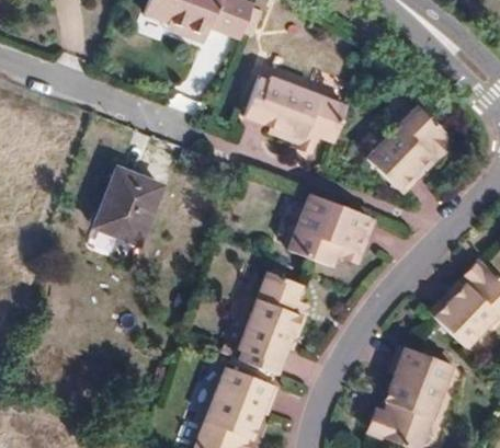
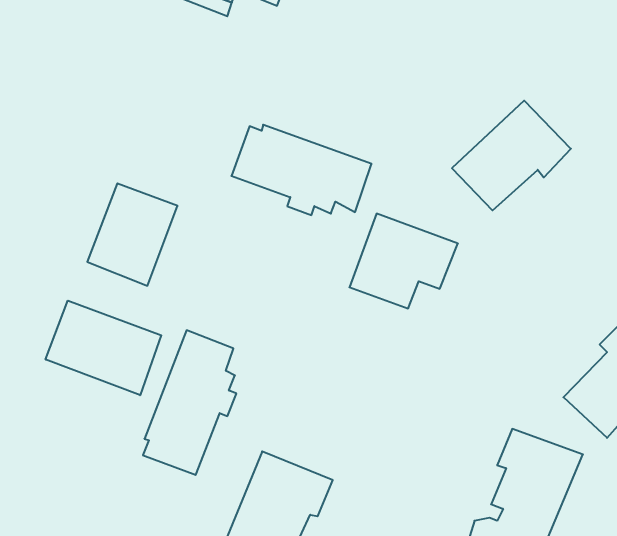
building: [241,77,343,142] -> [231,125,372,215]
building: none -> [46,301,161,395]
building: [238,269,306,375] -> [143,330,236,475]

